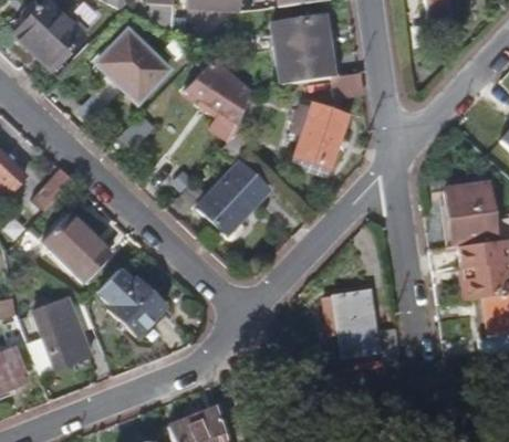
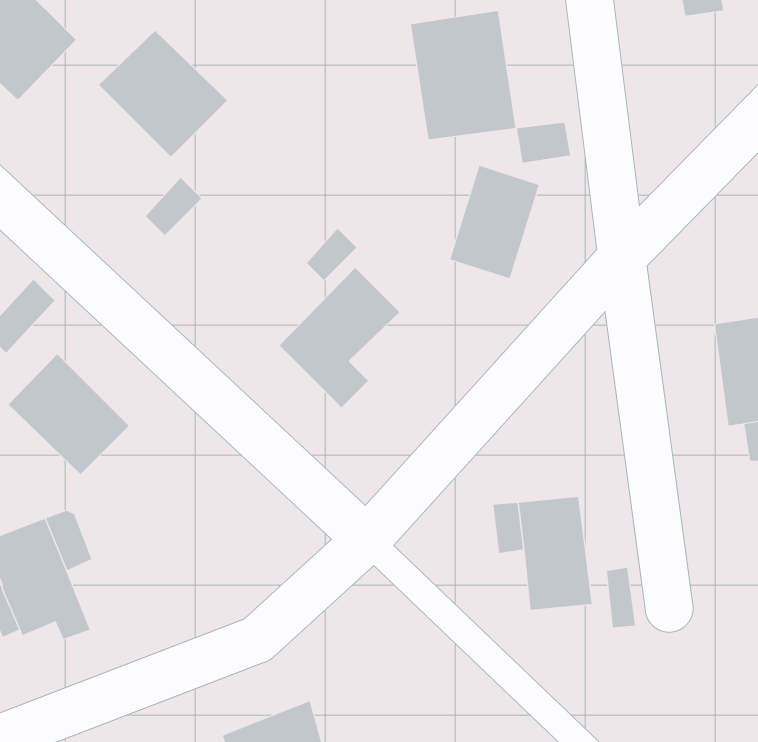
building: [189,62,249,134] -> none
building: [103,277,163,336] -> none

